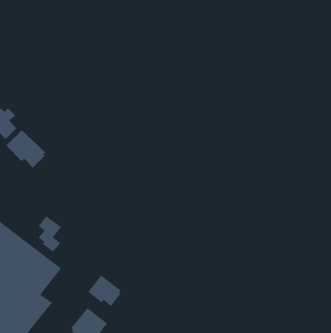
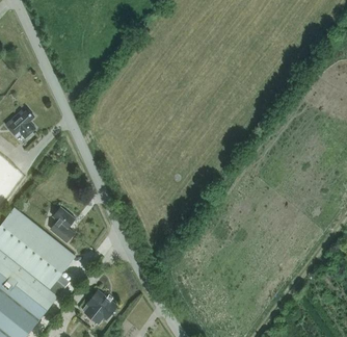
building: [5,129,46,168] -> none
building: [87,275,121,307] -> none

